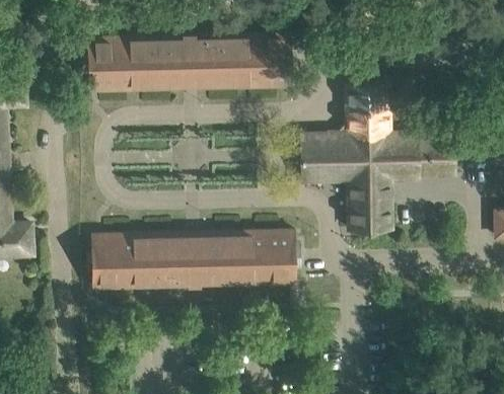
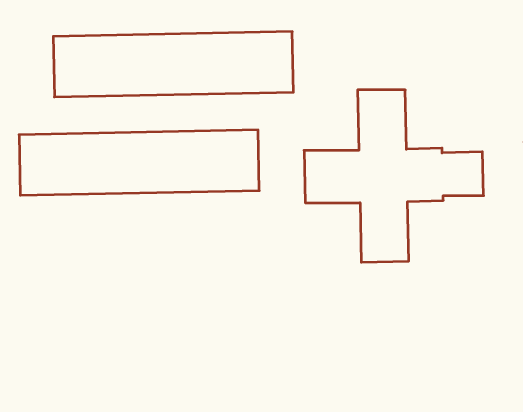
building: [91,233,296,289] -> [19,130,259,195]

